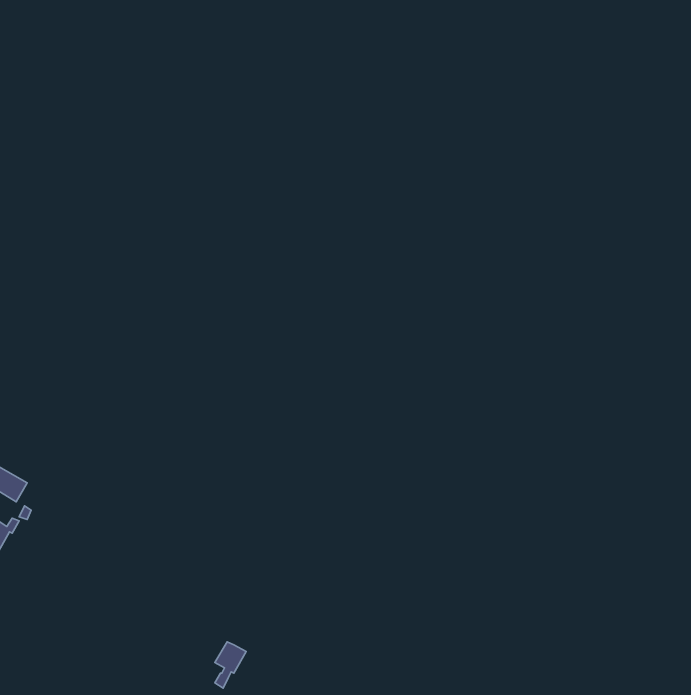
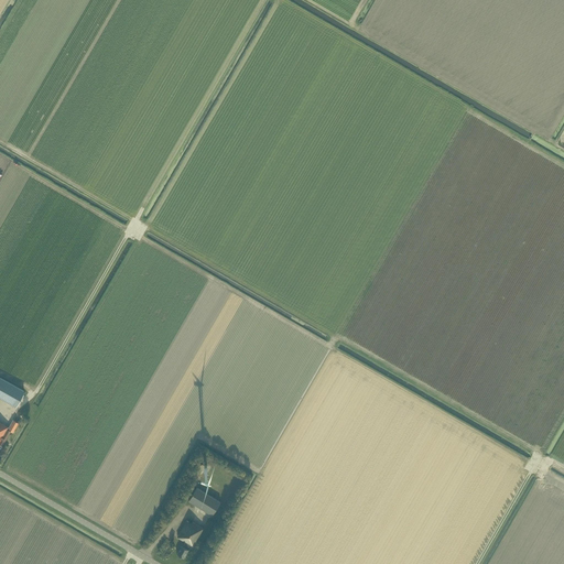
building: none -> [185,487,217,514]

